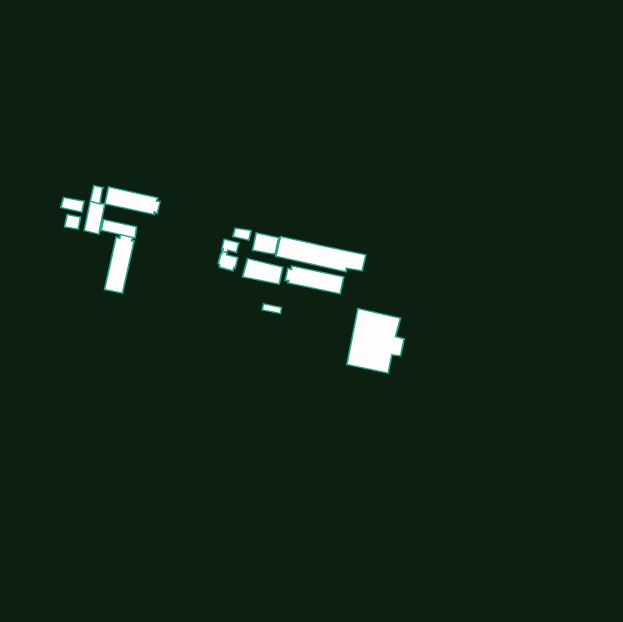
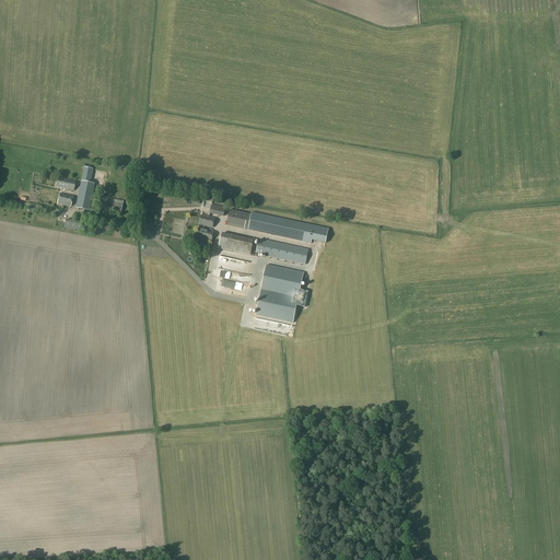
building: [105,187,160,215] -> none
building: [104,235,134,293] -> none
building: [347,308,404,373] -> [256,264,307,322]

